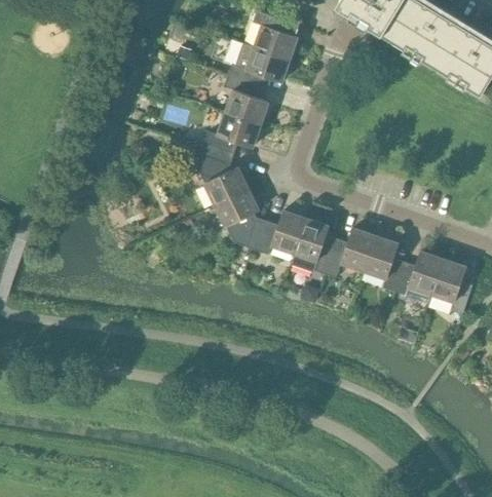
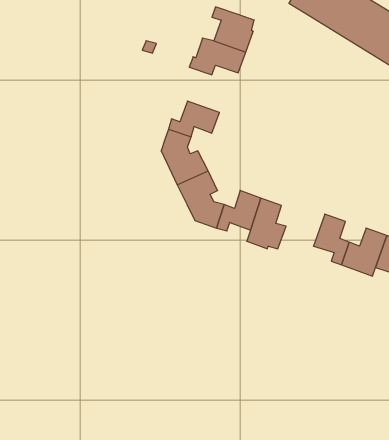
building: [224,76,268,125] -> none
building: [325,228,376,278] -> none

